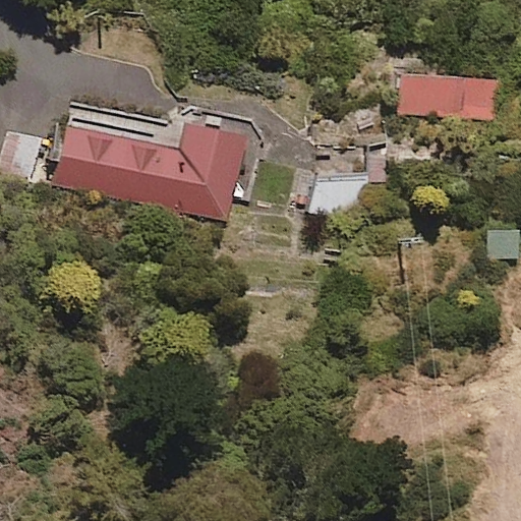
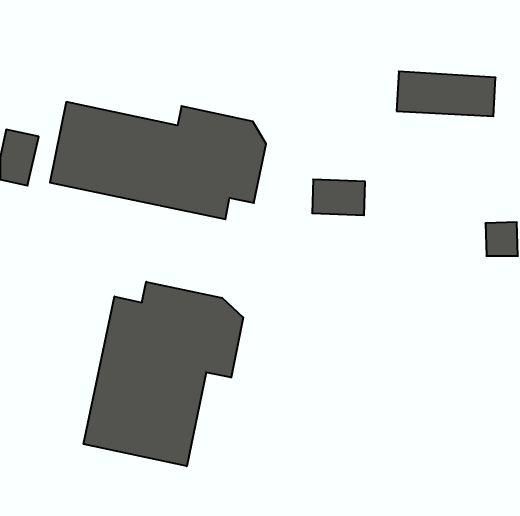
building: none -> [84,282,243,466]

